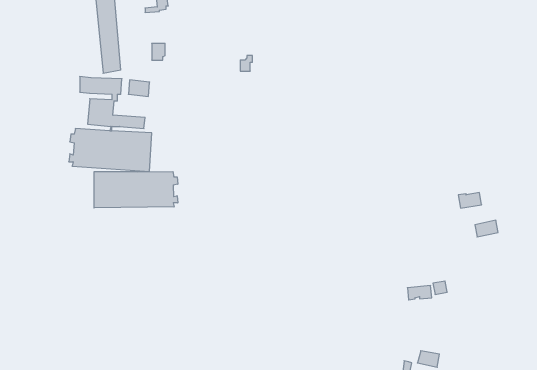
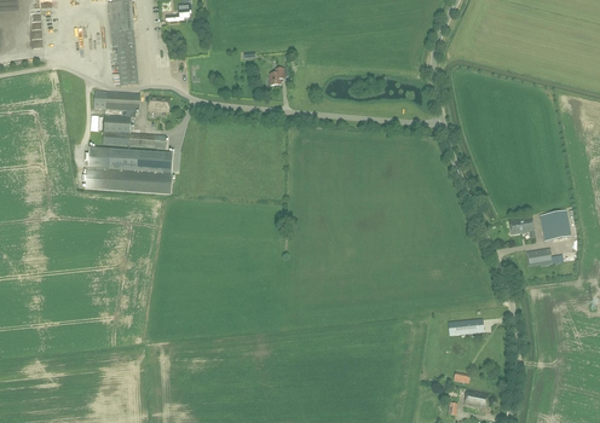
building: [94,172,178,208] -> none
building: none -> [541,209,569,239]

